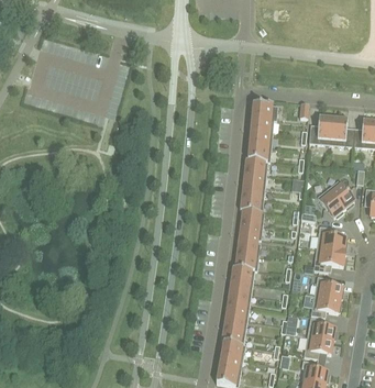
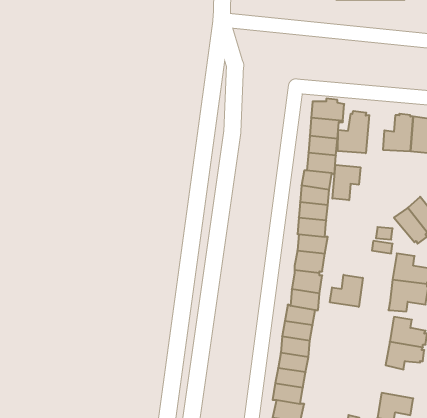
building: none -> [338,111,369,153]
building: none -> [332,165,360,200]
building: none -> [330,275,363,307]
building: [308,317,338,340] -> none

